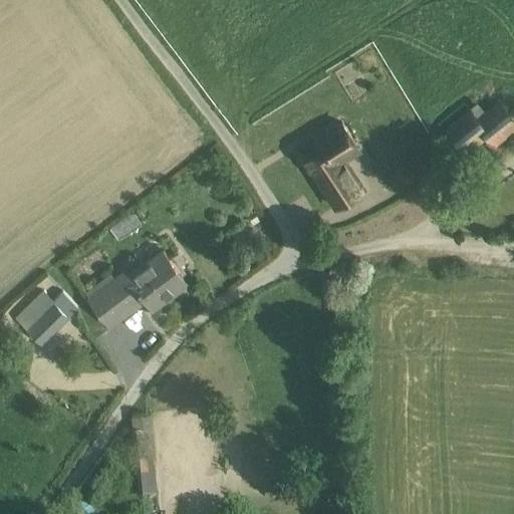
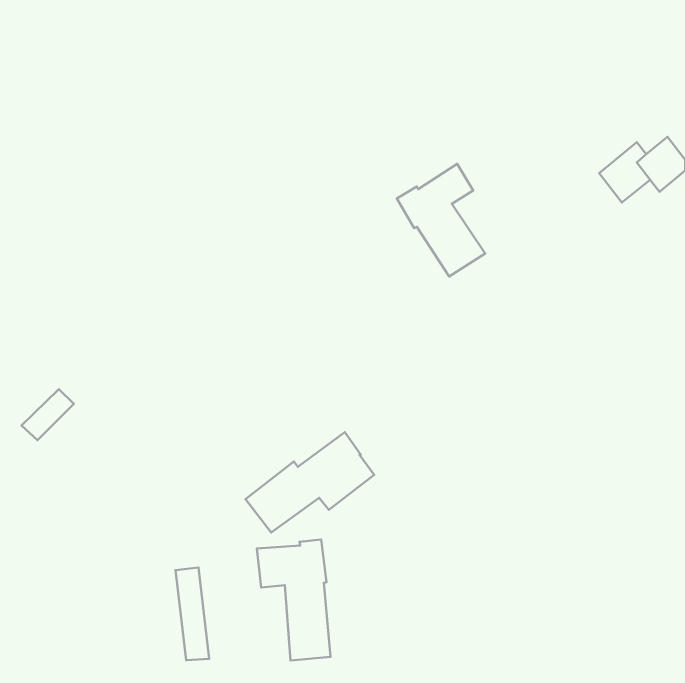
building: [89,251,186,326] -> [246,432,374,533]
building: [28,304,67,344] -> none
building: none -> [257,539,330,660]

